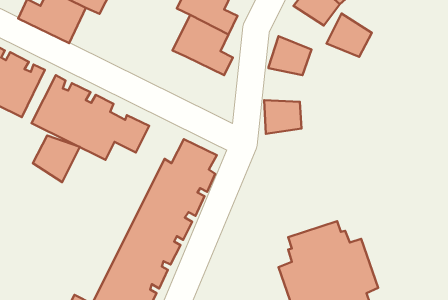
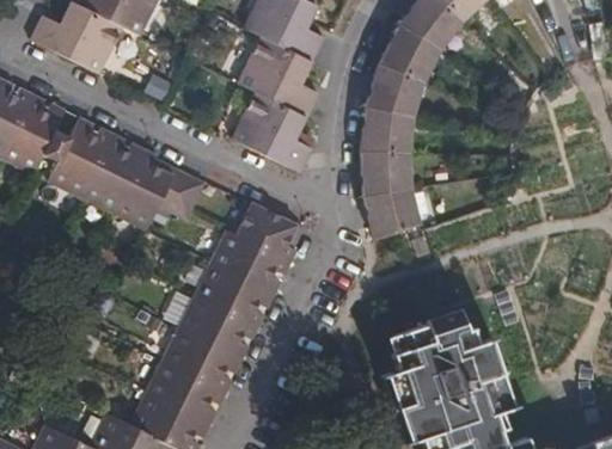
building: [326,13,372,57] -> [379,25,440,84]
building: none -> [232,93,311,174]
building: none -> [360,109,411,154]
building: none -> [362,190,418,239]
building: [33,136,80,182] -> none

